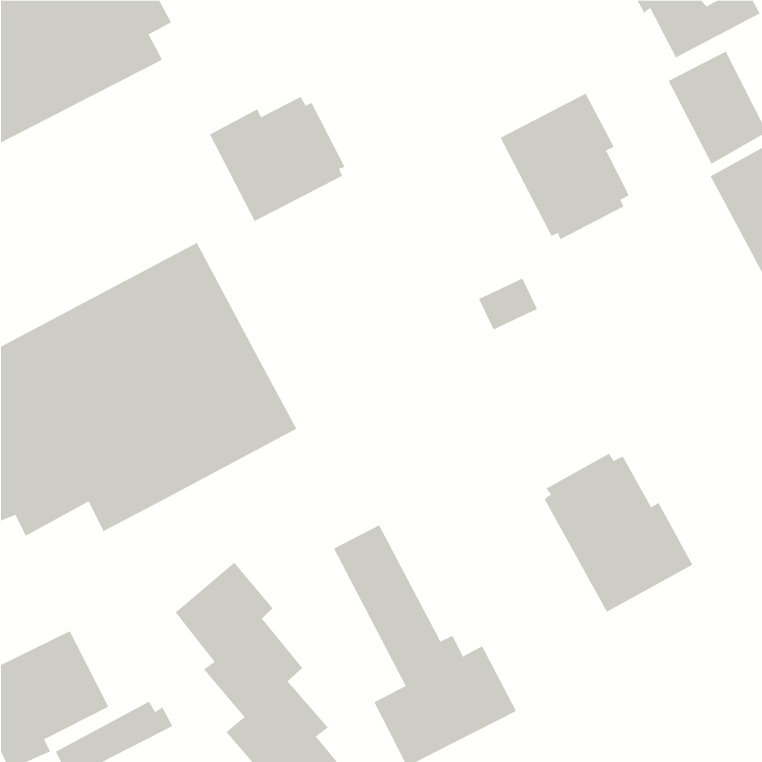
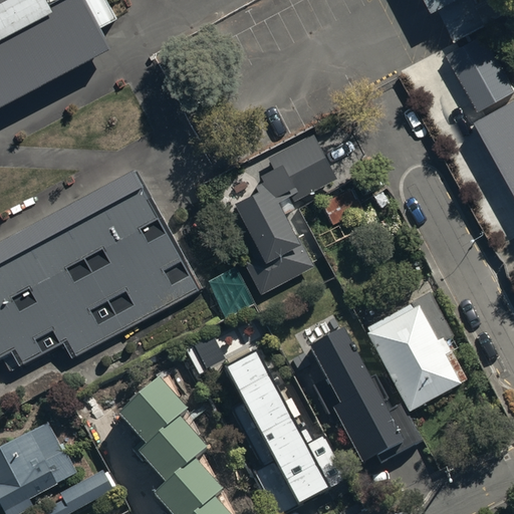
building: [500,93,630,240] -> none
building: [209,96,345,222] -> none
building: none -> [234,133,336,293]
building: none -> [308,328,420,465]

